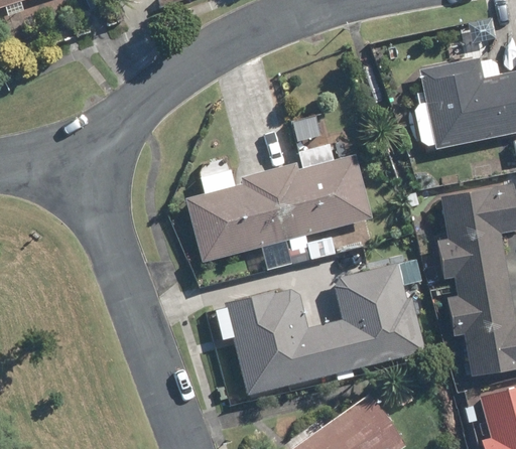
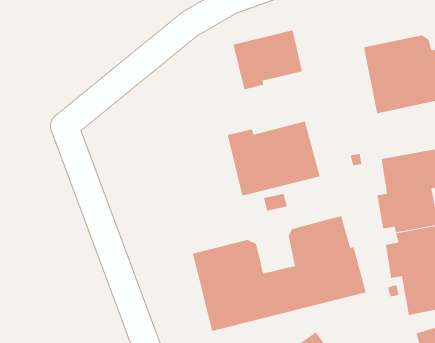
building: none -> [233,29,302,90]
building: [185,171,283,262] -> none

